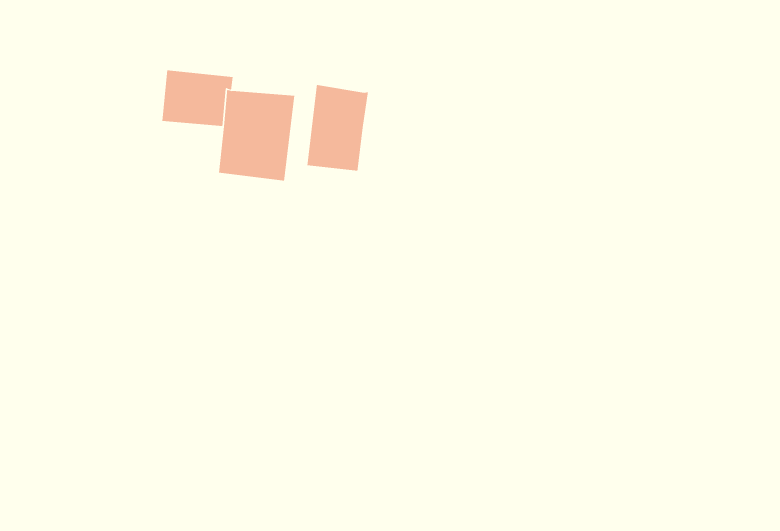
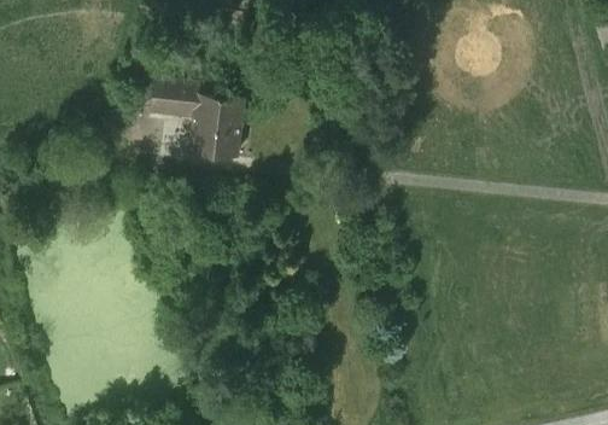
building: [307,84,368,172] -> none

